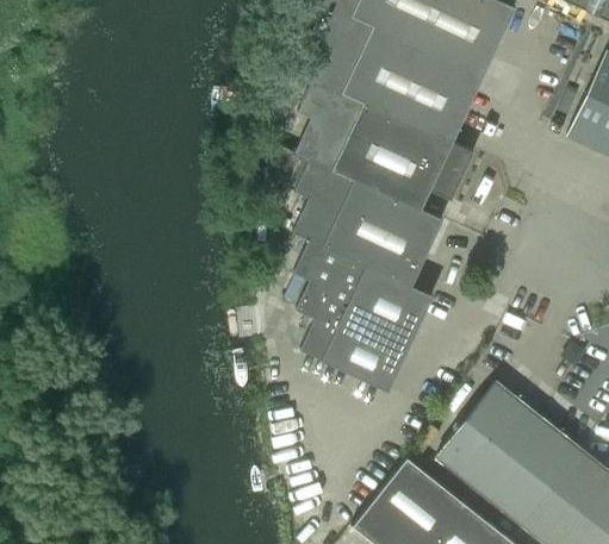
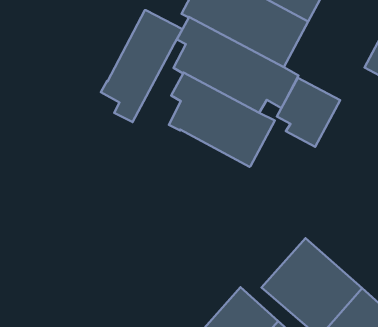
building: none -> [101,10,182,122]
building: none -> [277,78,340,147]
building: [294,238,434,390] -> none

